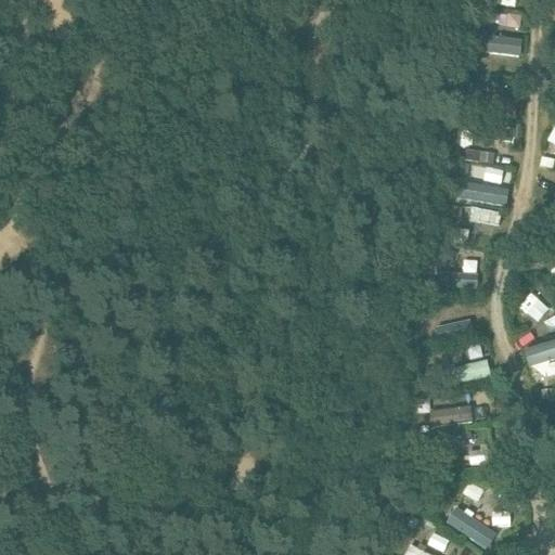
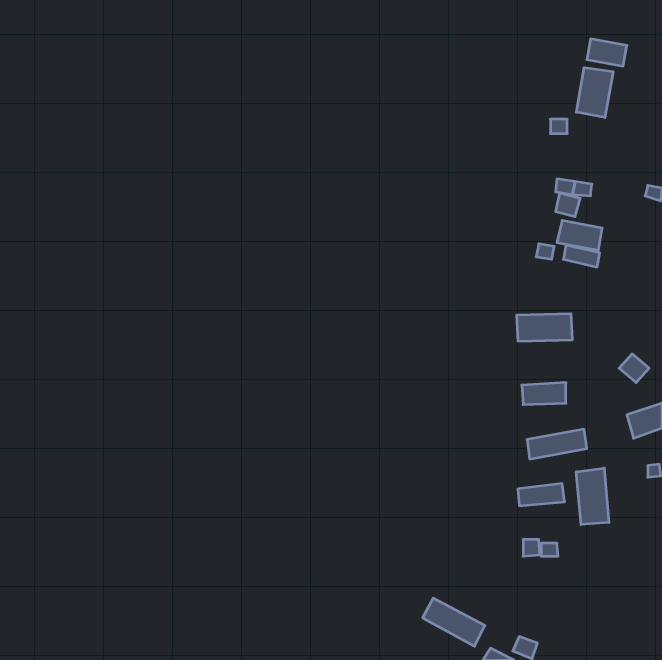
building: none -> [576,68,613,118]
building: none -> [576,468,609,525]
building: [446,506,498,546] -> [423,598,485,646]

